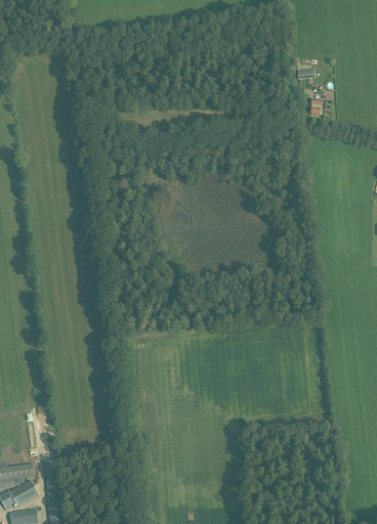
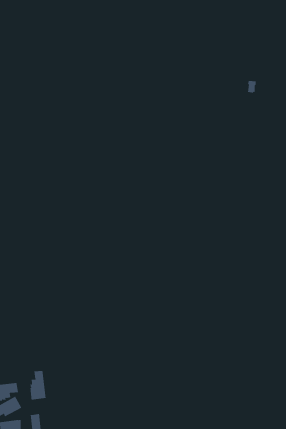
building: none -> [30,370,46,401]

